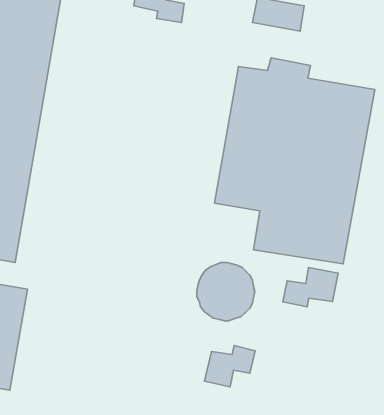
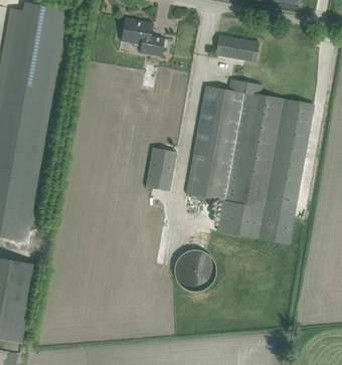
building: none -> [148,146,177,189]
building: [283,268,338,307] -> none
building: [205,346,255,387] -> none

